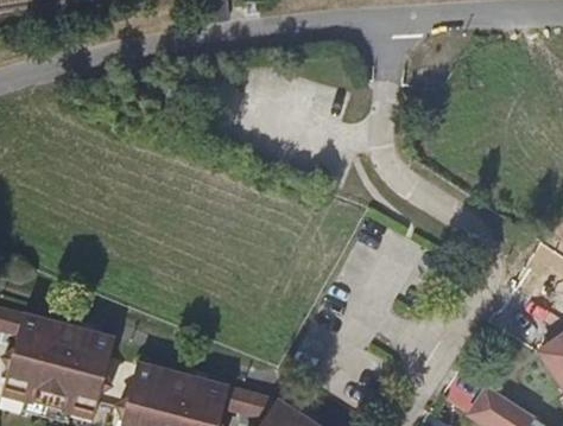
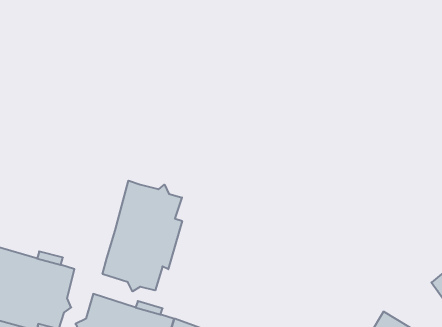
building: none -> [103,181,182,291]

